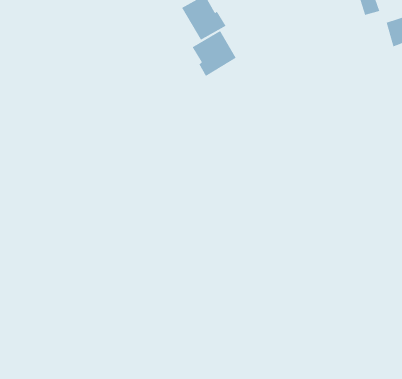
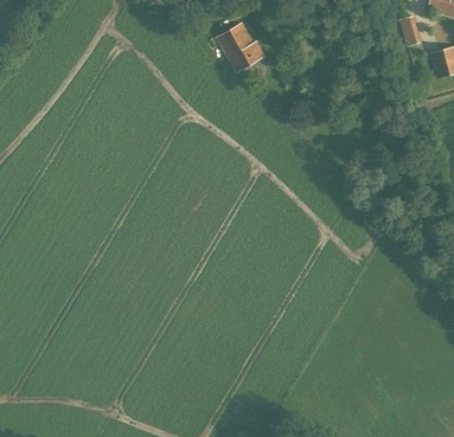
building: [192,30,236,77] -> none

